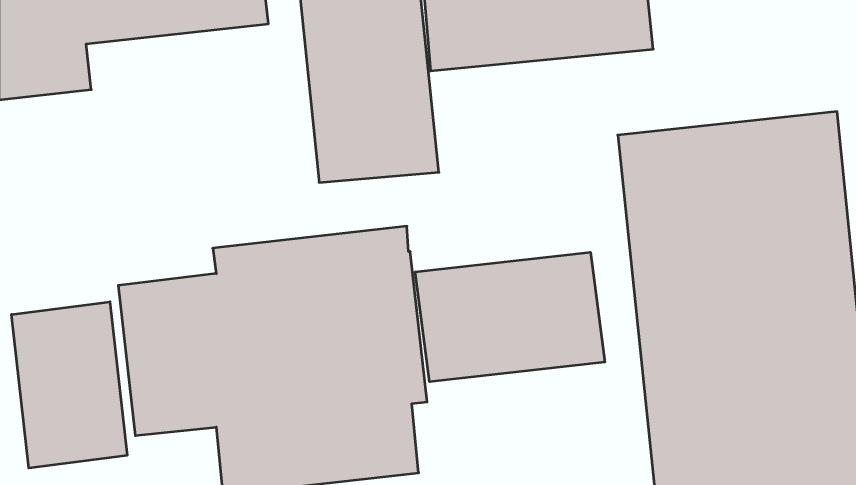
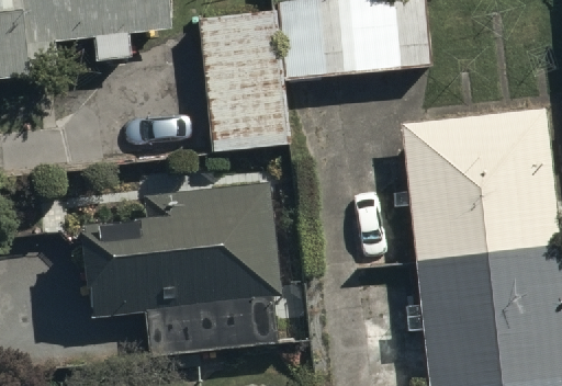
building: [415,252,605,382] -> none
building: [12,302,127,468] -> none

